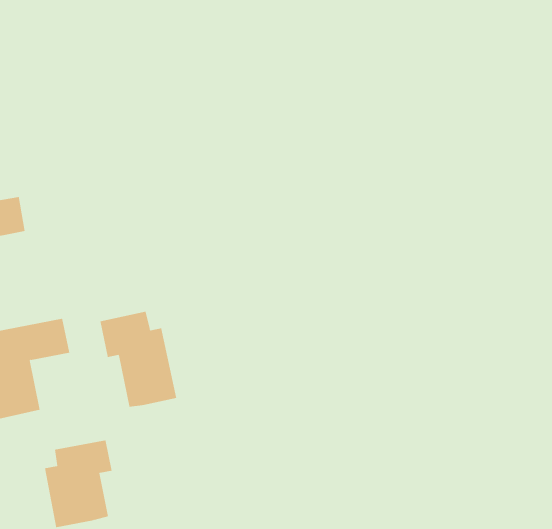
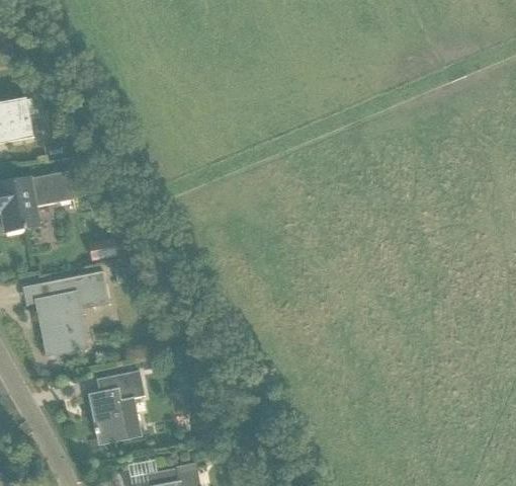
building: [100,311,177,408] -> none

